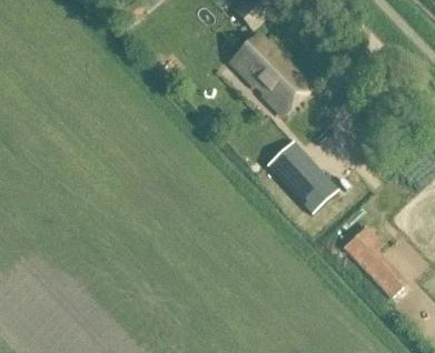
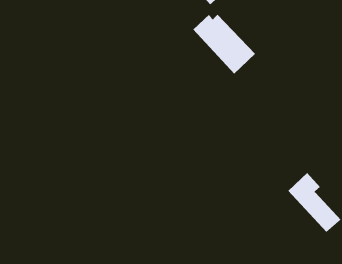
building: [266,138,340,212] -> none

